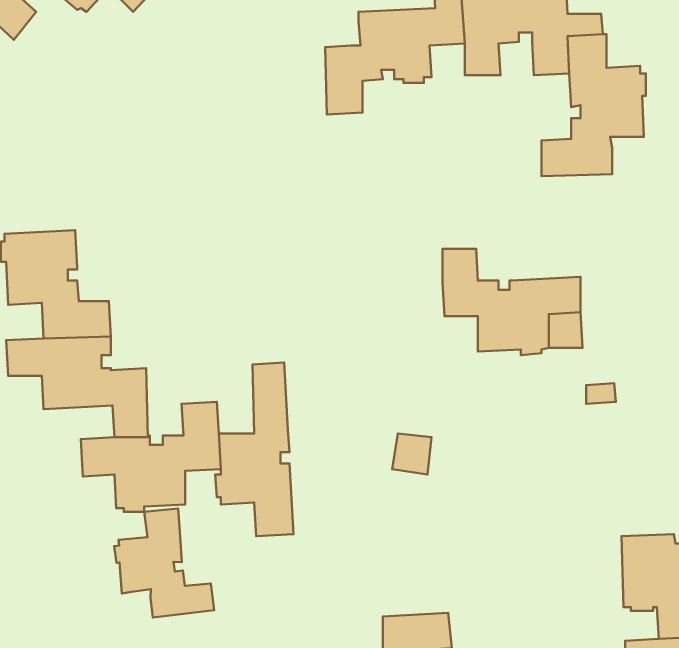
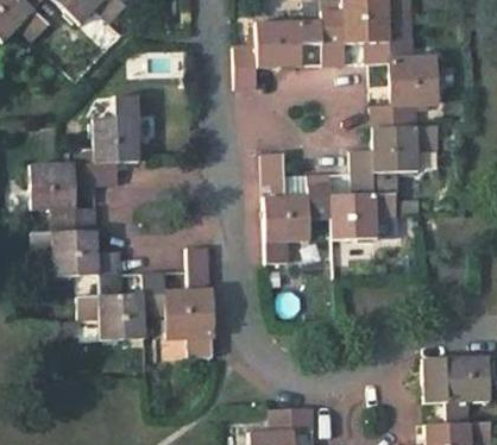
building: none -> [75,95,139,186]
building: none -> [352,125,440,194]
building: none -> [263,152,314,262]
building: [114,509,214,617] -> none

